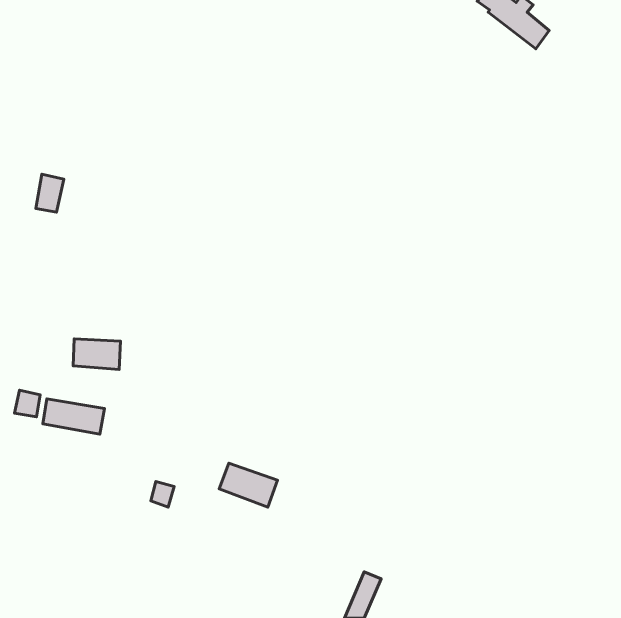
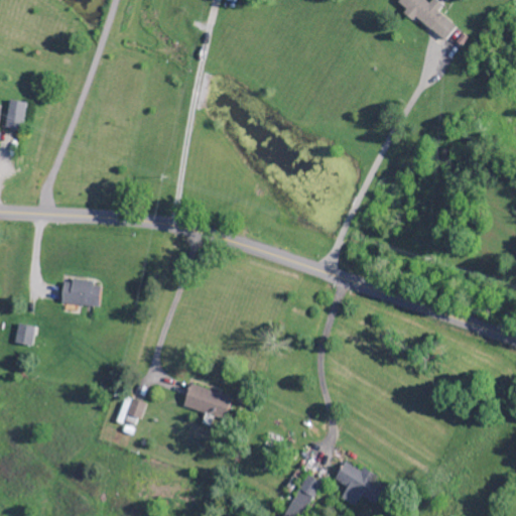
building: [36,174,64,212] -> [5,98,28,129]
building: [43,399,105,434] -> none
building: none -> [334,460,382,506]

